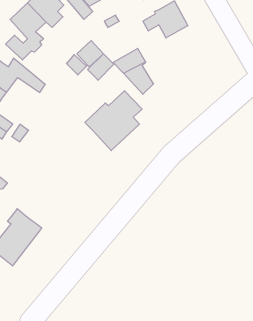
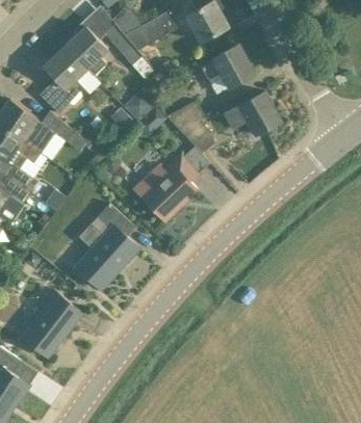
building: none -> [226,90,281,134]
building: none -> [76,203,138,289]

